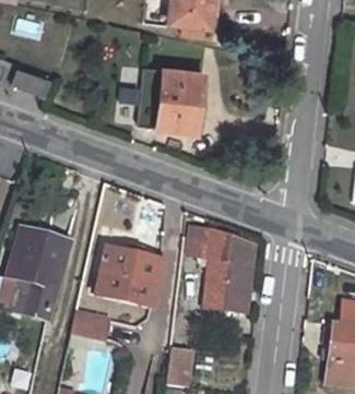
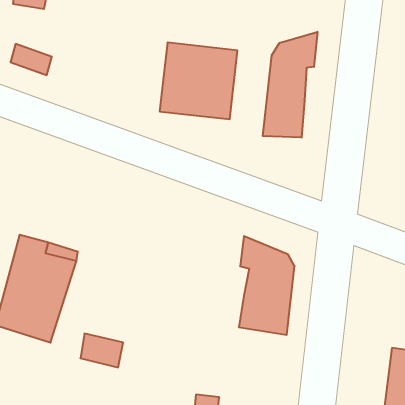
building: none -> [263,32,317,138]
building: [97,248,163,307] -> none

